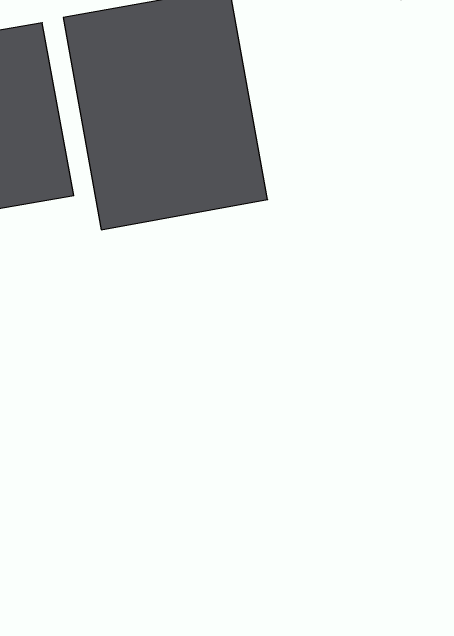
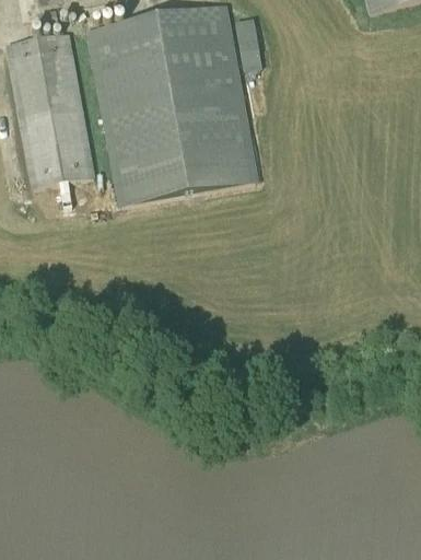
building: none -> [235,18,262,71]

